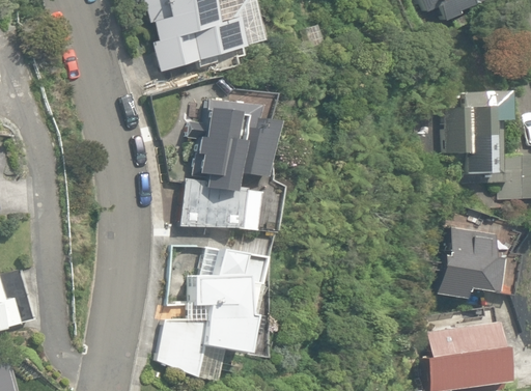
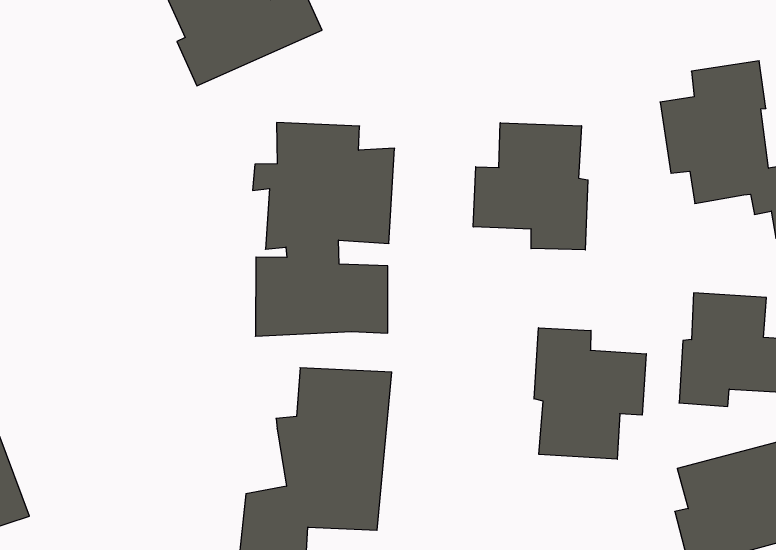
building: none -> [473,123,588,250]
building: none -> [534,328,646,459]

